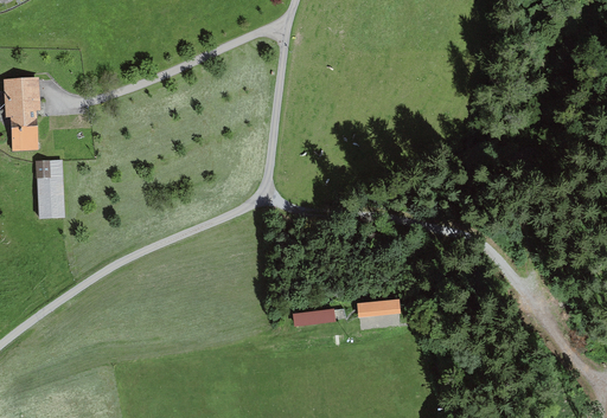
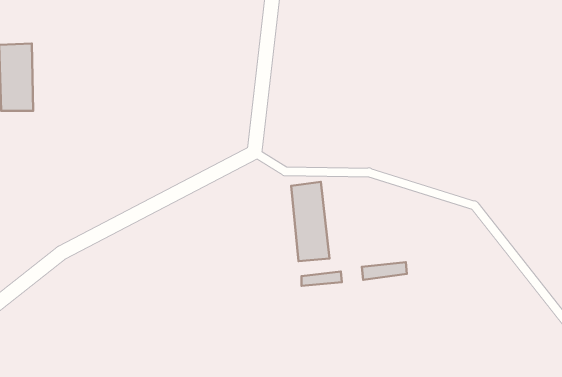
building: [36,156,64,223] -> none
building: none -> [291,182,329,261]

